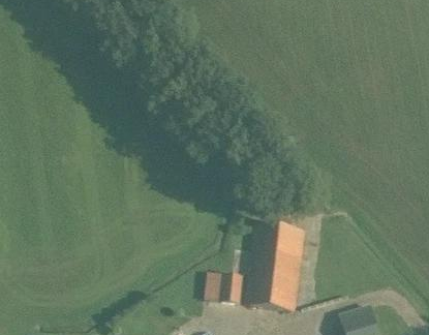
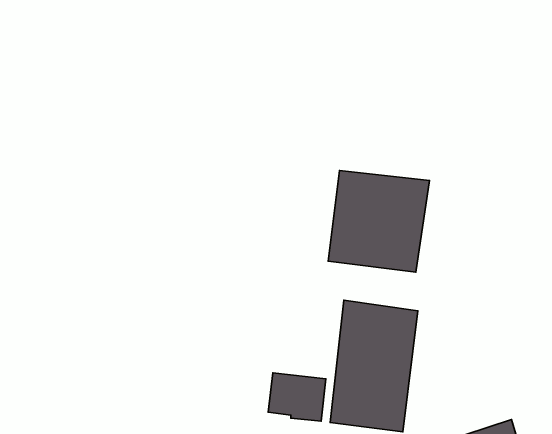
building: none -> [328,170,429,272]

